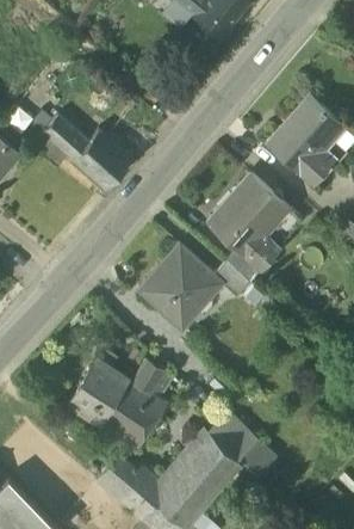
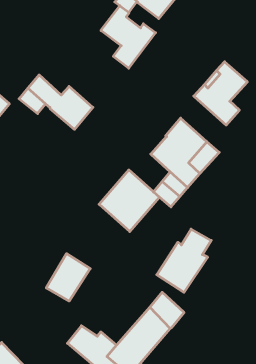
building: none -> [101,6,156,68]
building: [99,361,173,447] -> [157,229,211,292]
building: [238,438,278,476] -> none

